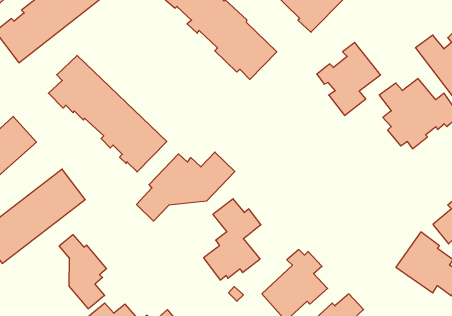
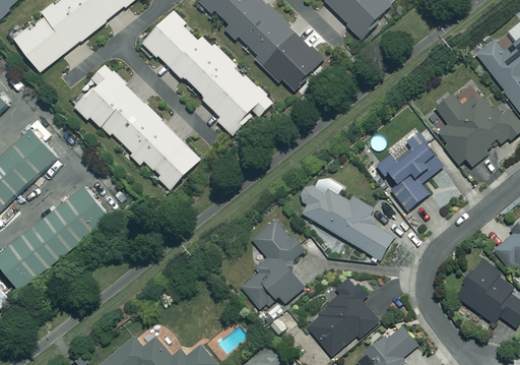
building: none -> [141,9,272,134]
building: [317,43,381,116] -> [375,131,445,211]
building: [137,152,235,221] -> none
building: none -> [299,186,395,260]
building: [59,235,106,309] -> none

